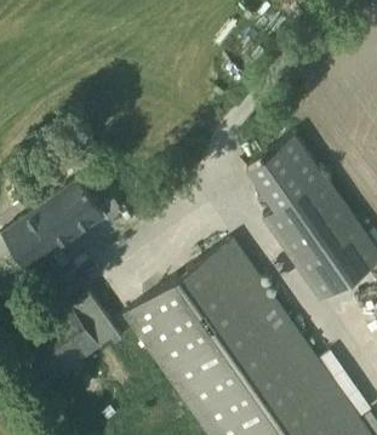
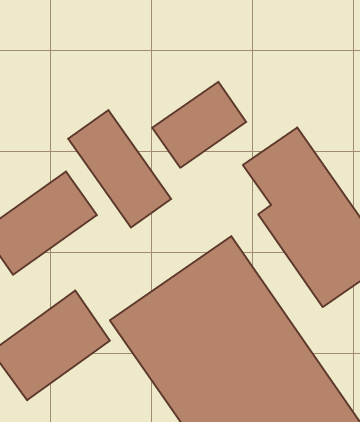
building: none -> [152,82,246,168]
building: none -> [68,110,171,228]

